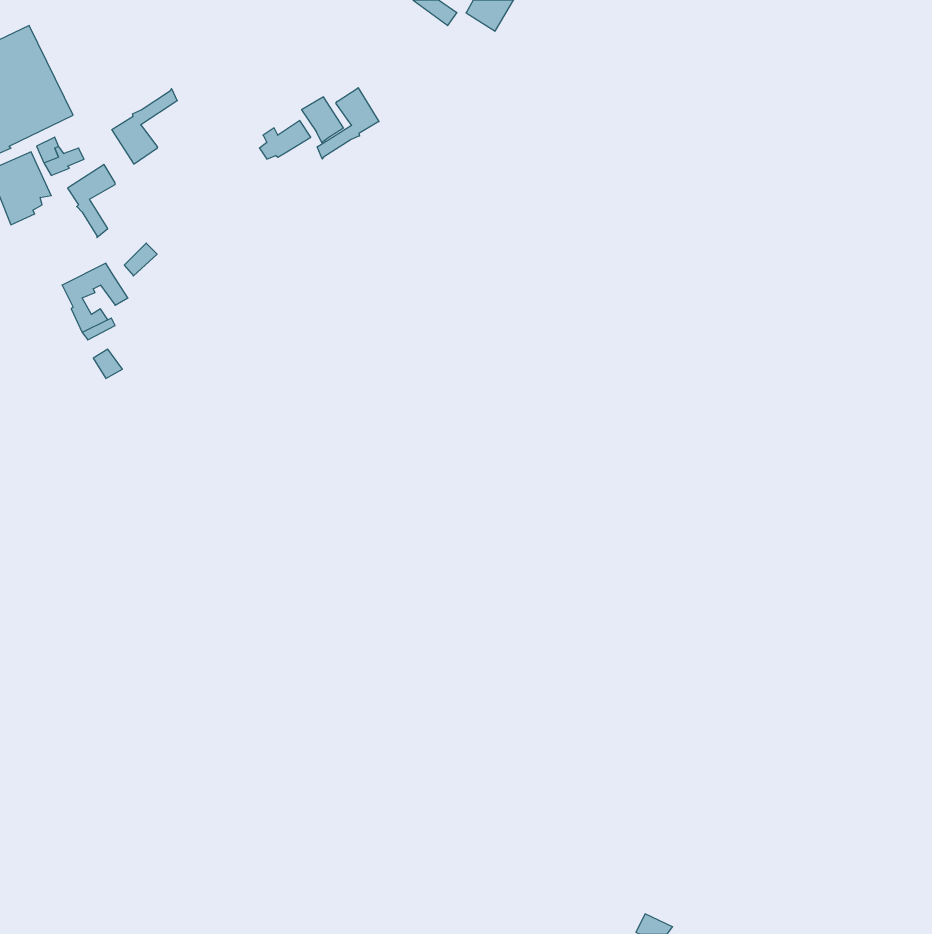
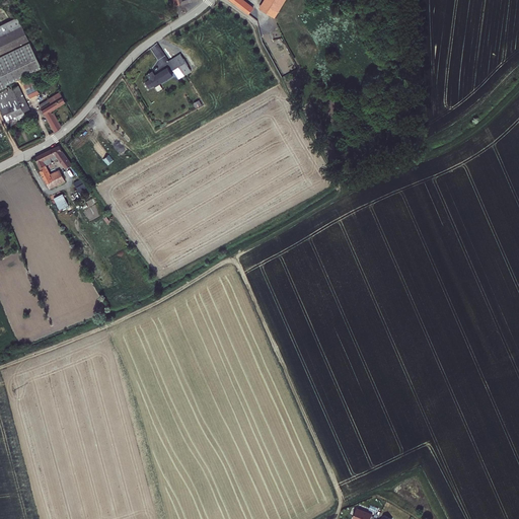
building: [317,88,379,159] -> none
building: [112,89,177,164] -> none

